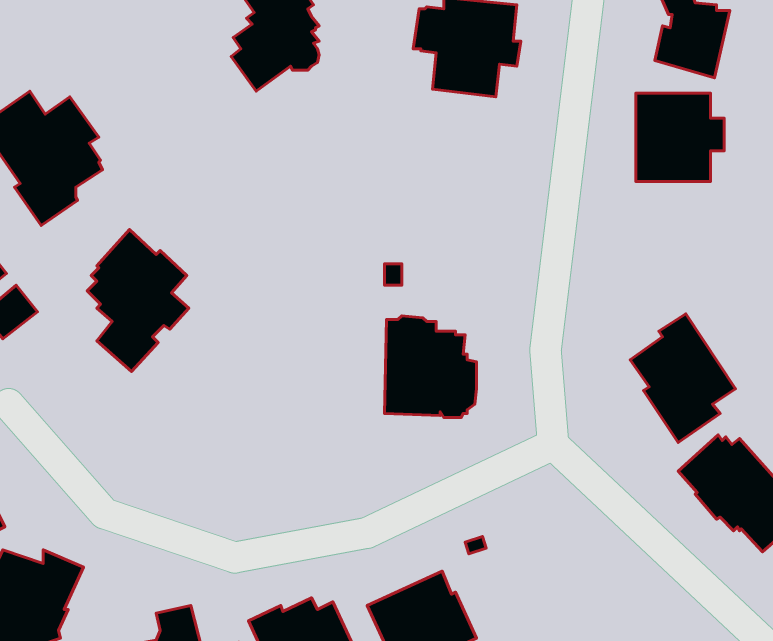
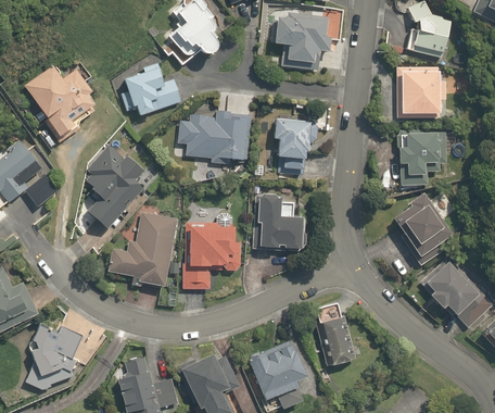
building: none -> [122,63,181,115]
building: none -> [178,111,251,164]
building: none -> [275,117,318,175]
building: none -> [396,130,446,186]
building: none -> [109,212,177,287]
building: none -> [182,213,240,289]
building: none -> [316,303,356,365]

